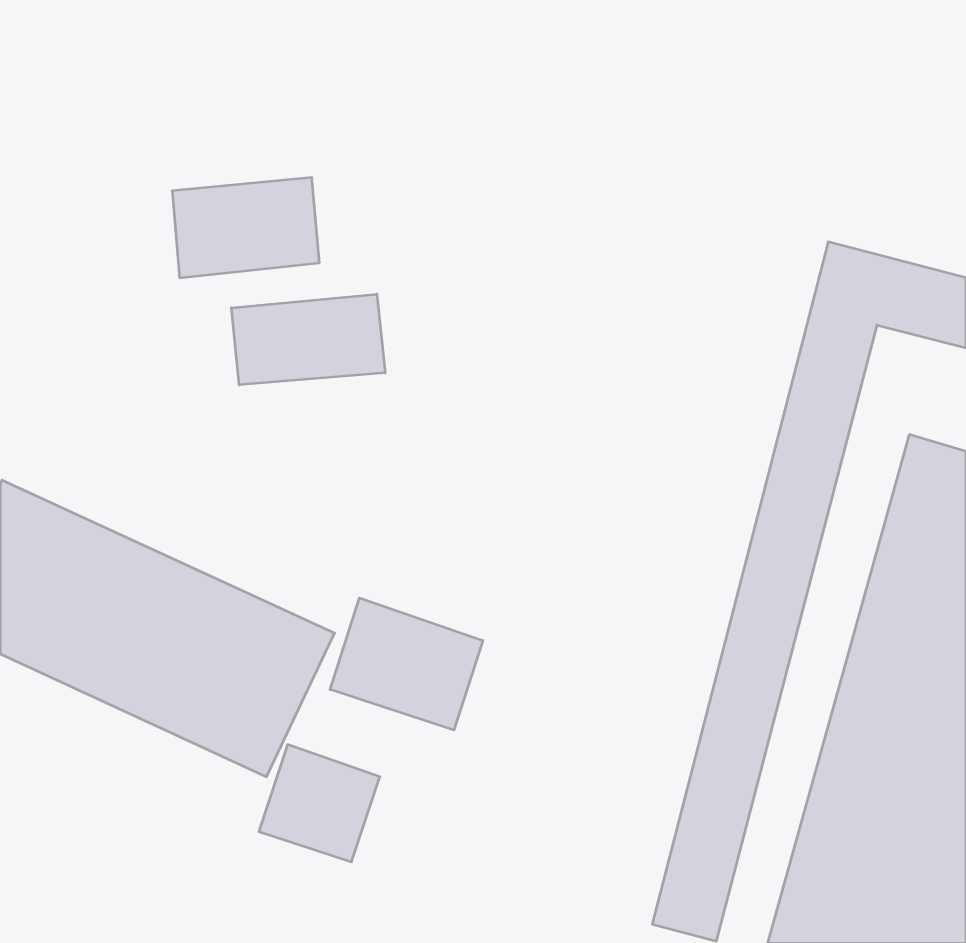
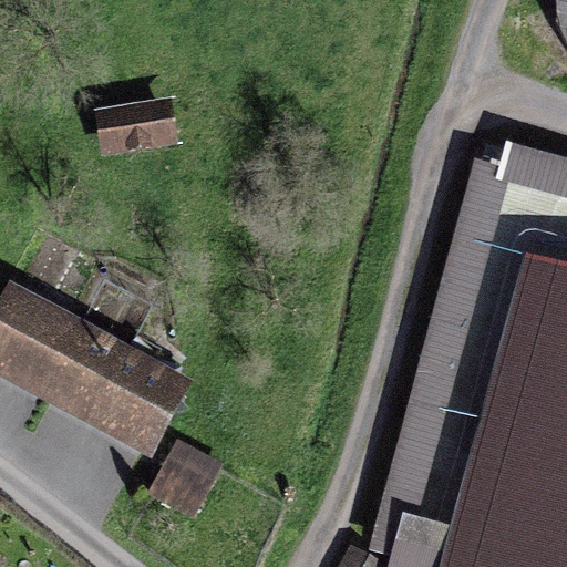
building: [231,294,385,385] -> none
building: [330,598,483,730] -> none

